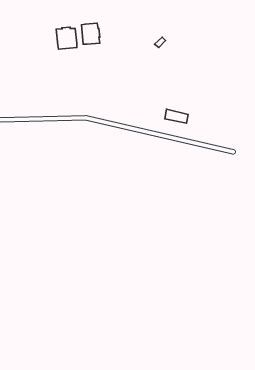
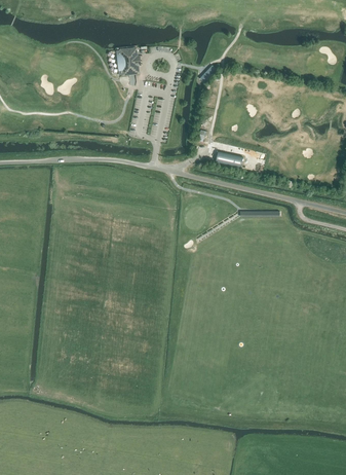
building: [56,27,77,49] -> none

